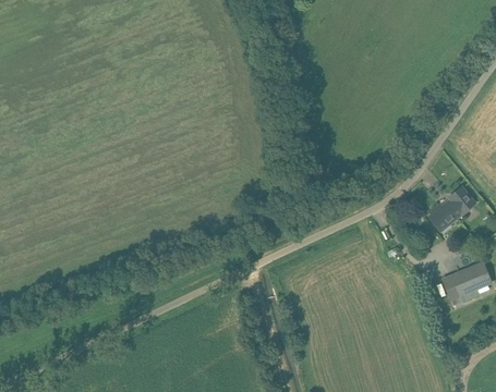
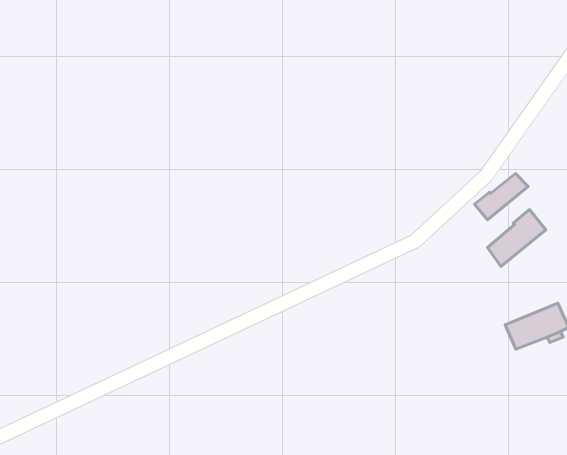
building: none -> [475,173,528,220]

